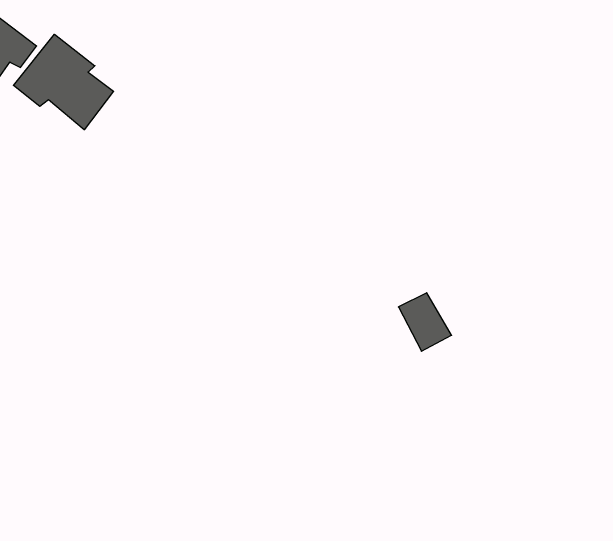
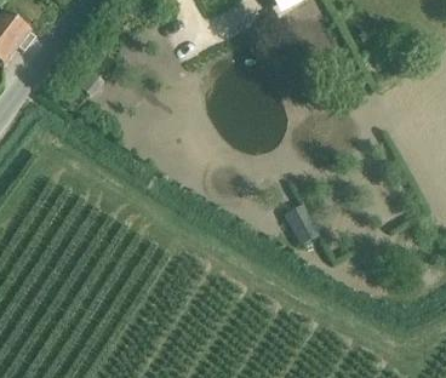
building: [13,34,114,130] -> none

